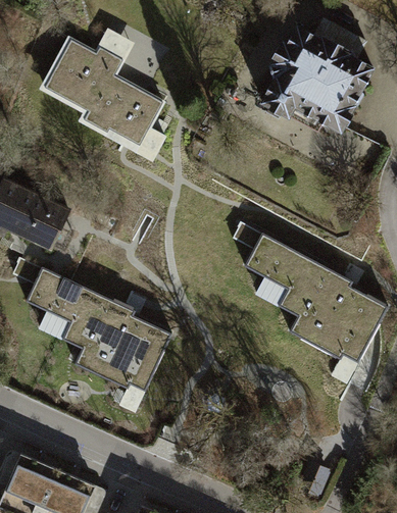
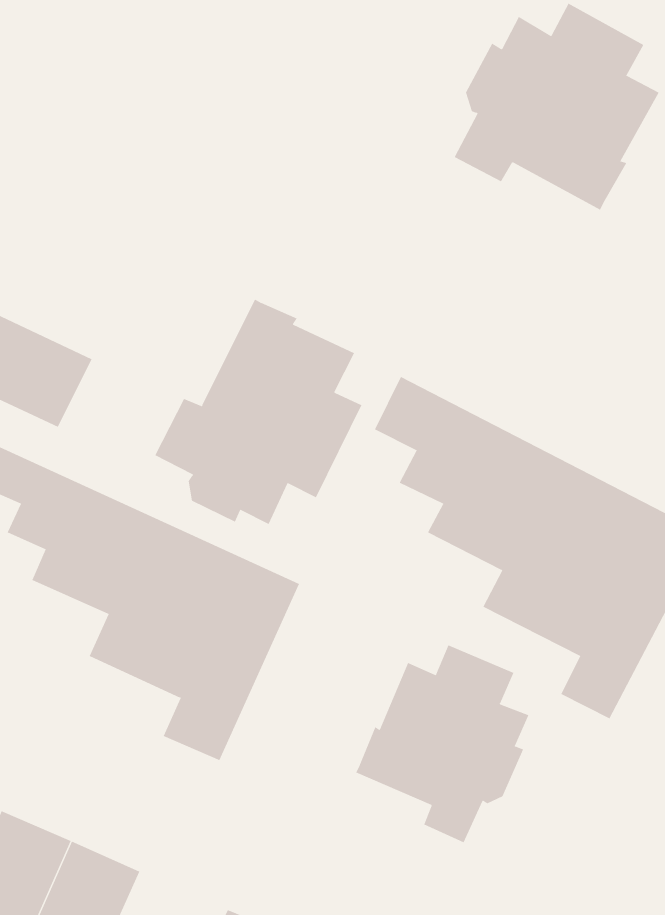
building: [36,21,171,170] -> none
building: none -> [154,299,362,525]
building: none -> [356,645,529,843]

